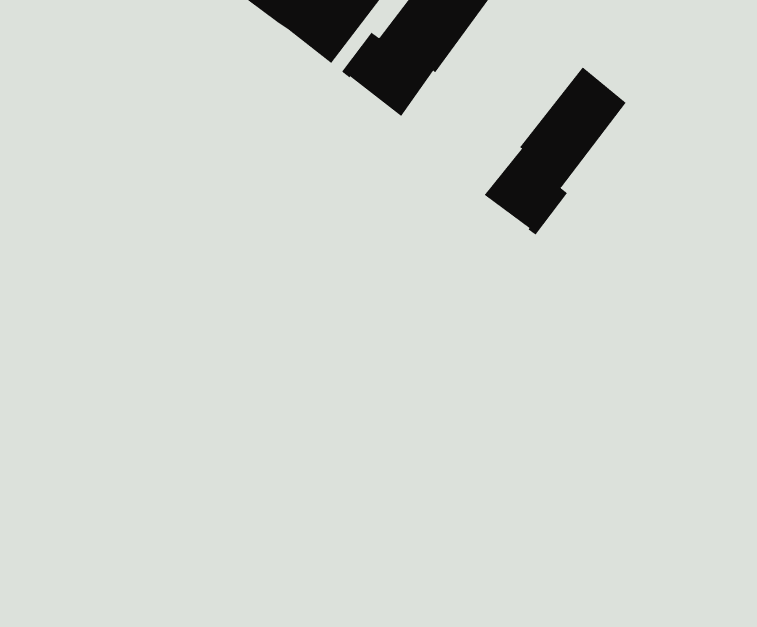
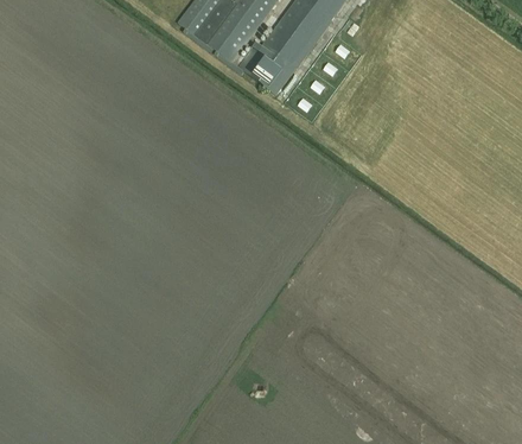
building: [484,67,626,235] -> none

